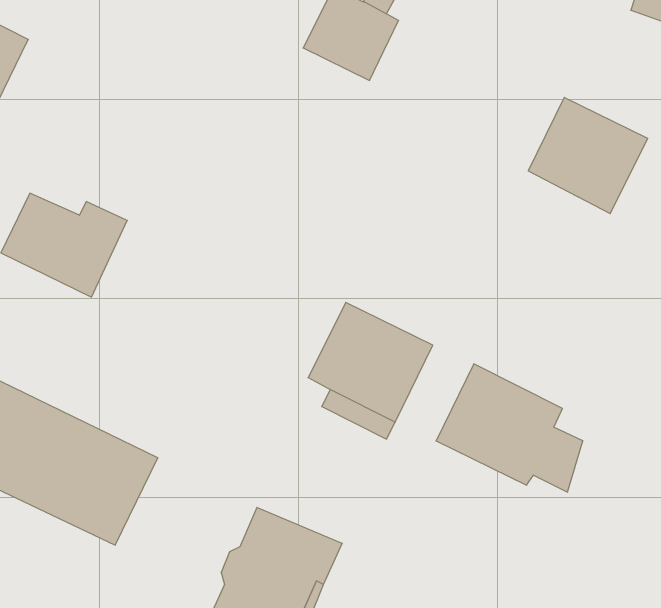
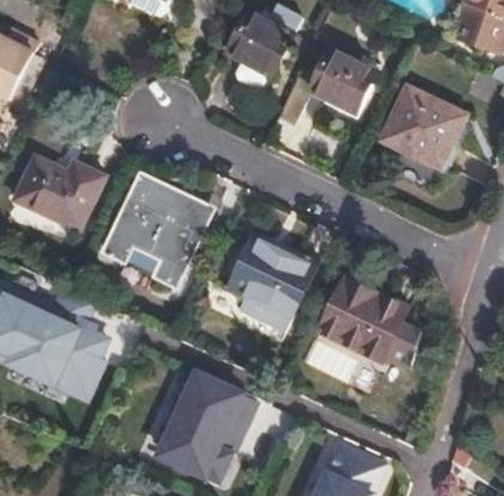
building: none -> [309,49,375,114]
building: none -> [105,172,210,280]

